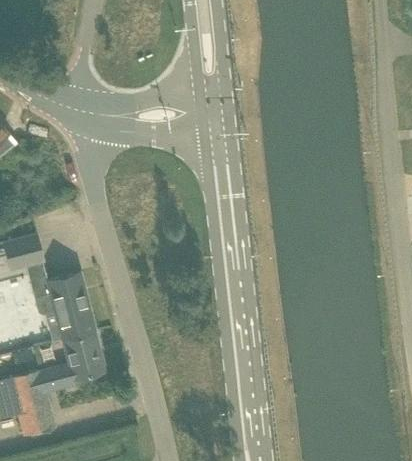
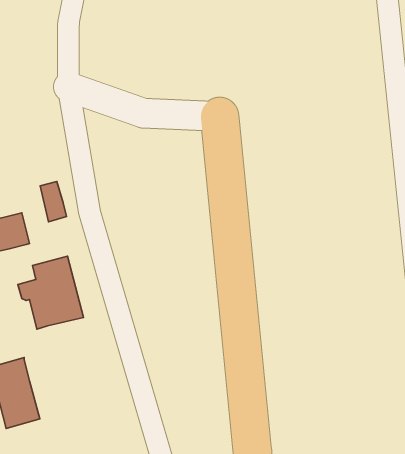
building: [25,262,50,300] -> [40,182,66,222]
building: [39,331,105,391] -> none

